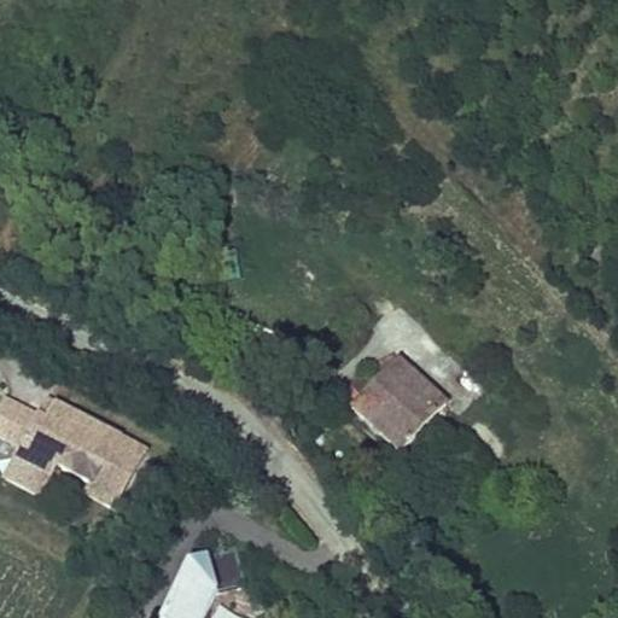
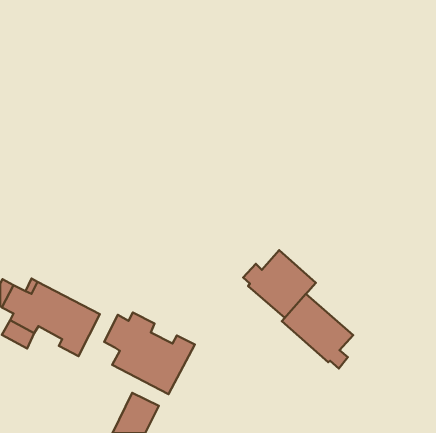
building: none -> [282,294,353,369]
building: none -> [104,313,195,394]

